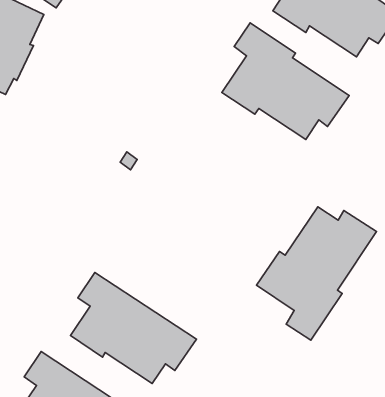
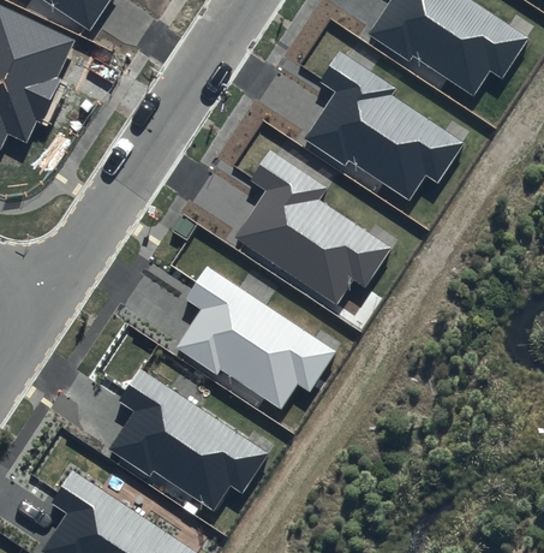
building: none -> [235,149,391,304]
building: none -> [174,266,335,409]
building: [257,207,377,340] -> none

